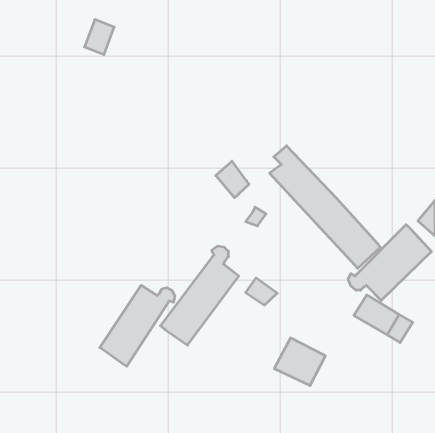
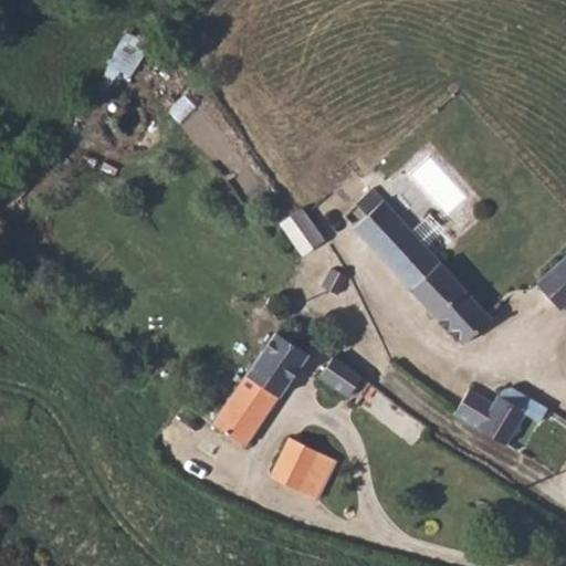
building: [348,225,431,301] -> none
building: [100,285,175,366] -> none
building: [274,338,325,386] -> [269,438,335,500]

